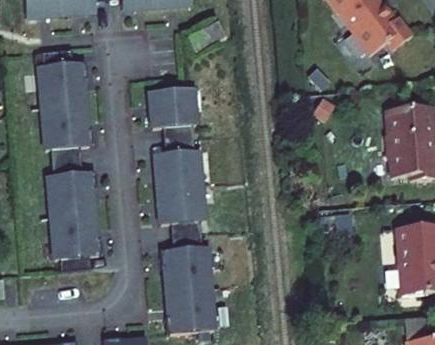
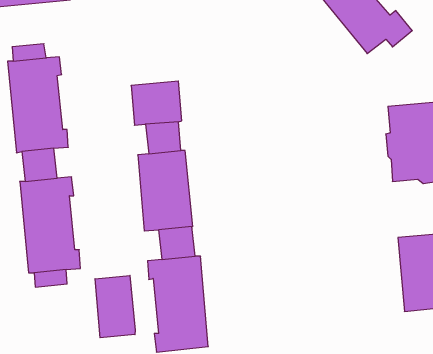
building: none -> [95,275,135,338]

